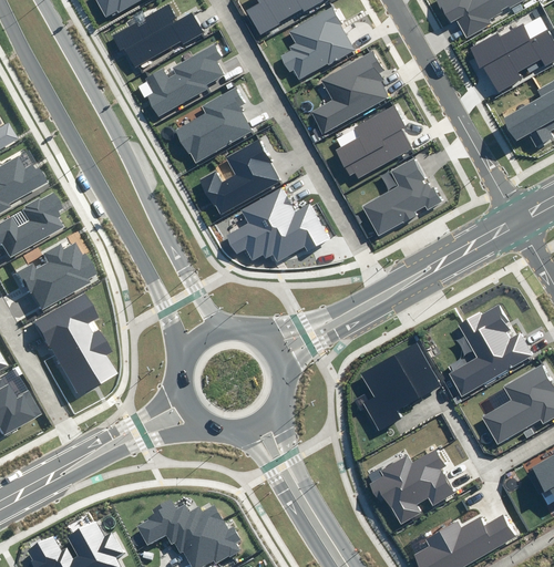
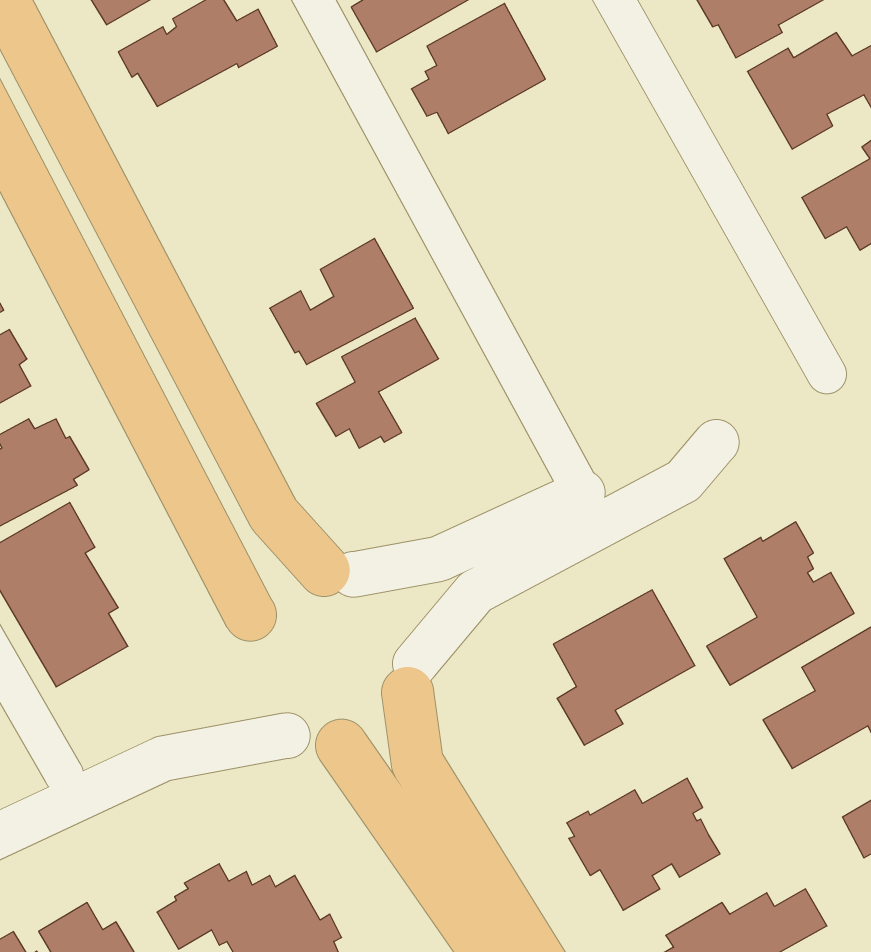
building: [145,44,224,116] -> none
building: [310,52,388,134] -> none
building: [174,87,252,162] -> none
building: [337,106,411,178] -> none
building: [360,157,441,236] -> none
building: [260,202,330,259] -> none

